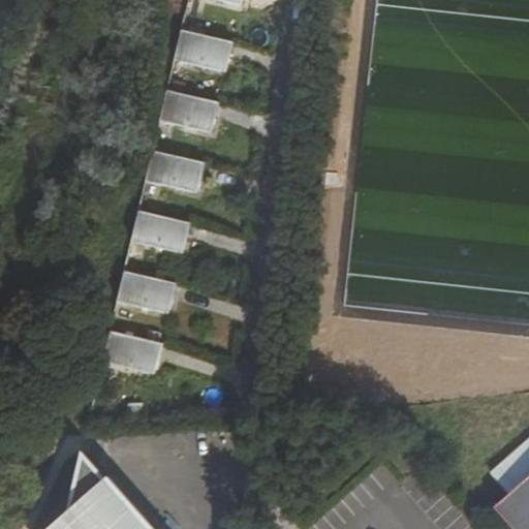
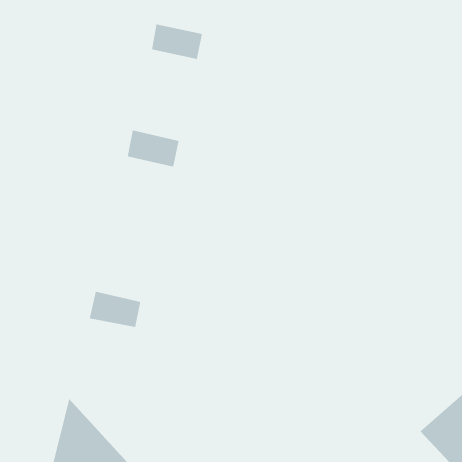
building: [160,88,218,130] -> none
building: [130,212,190,253] -> none
building: [117,273,177,314] -> none

